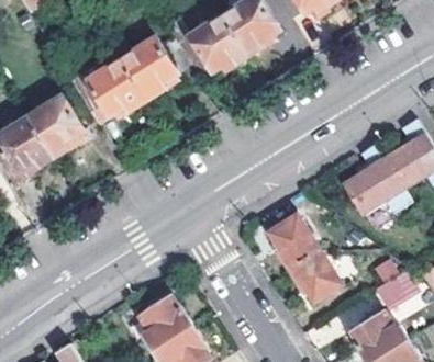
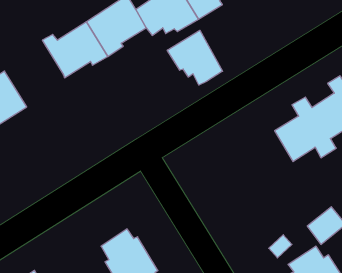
building: none -> [167,30,223,85]
building: [31,84,98,155] -> none
building: [275,214,343,299] -> none

